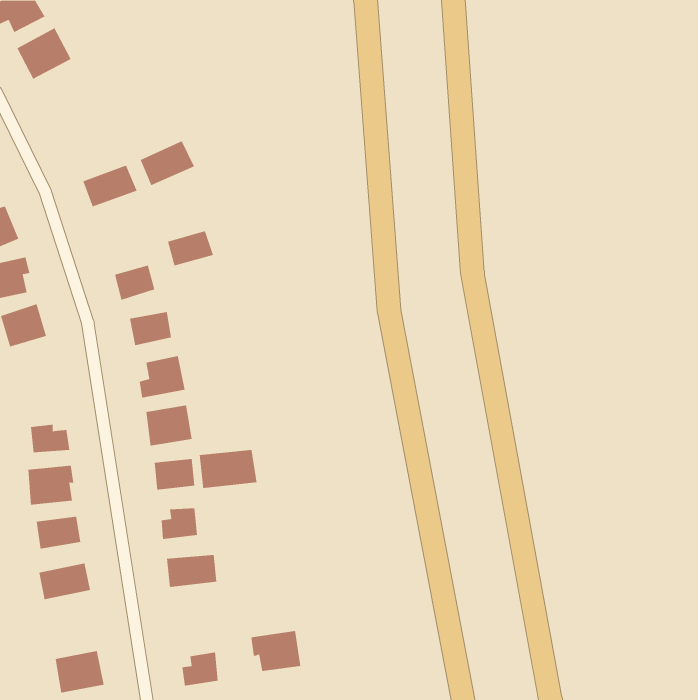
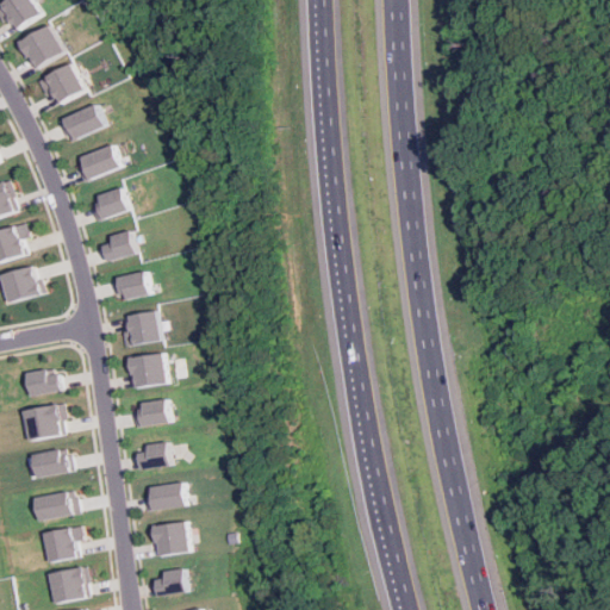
building: none -> [35,64,82,104]
building: [140,141,195,186] -> [55,104,102,143]
building: [167,230,214,266] -> [87,189,127,220]
building: [199,449,257,489] -> none
building: none -> [43,525,81,562]
building: [250,630,301,672] -> [149,521,193,556]

